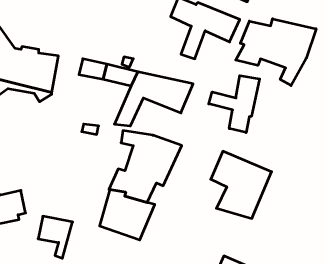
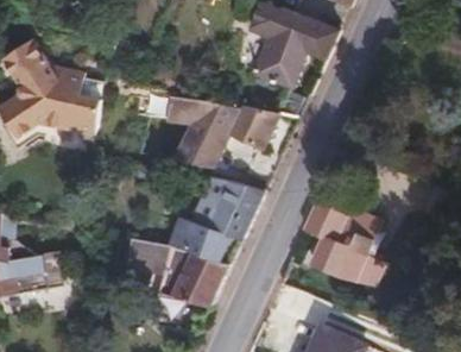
building: [236,19,316,86] -> none
building: [209,76,260,133] -> none
building: [38,216,73,258] -> [131,241,175,295]

